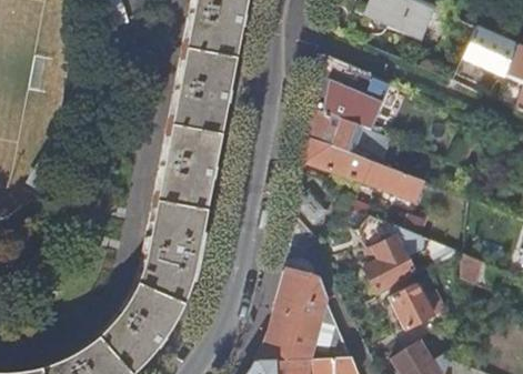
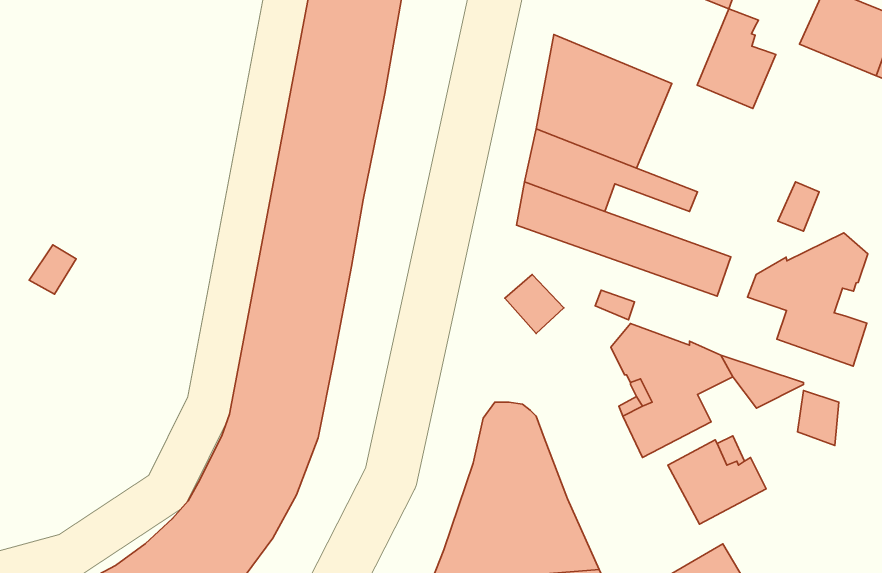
building: none -> [697,9,776,108]
building: none -> [747,233,868,366]

